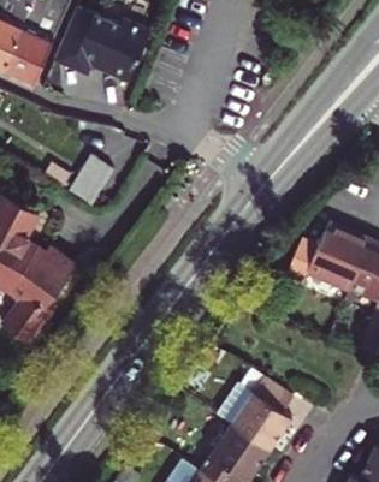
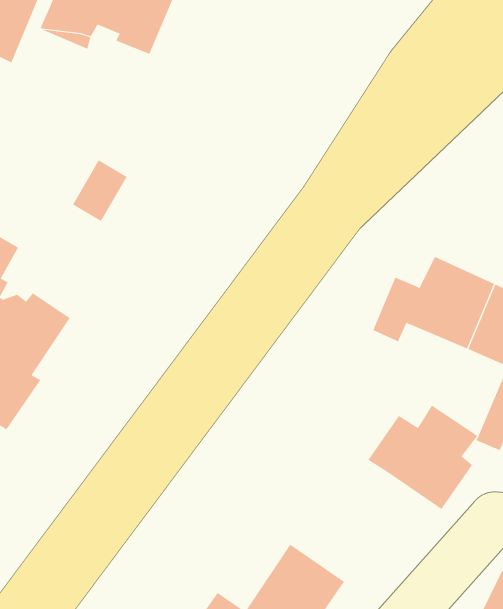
building: [213,377,290,451] -> [368,405,478,510]

